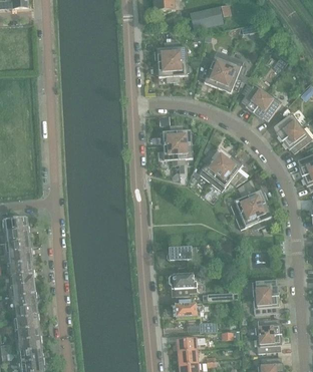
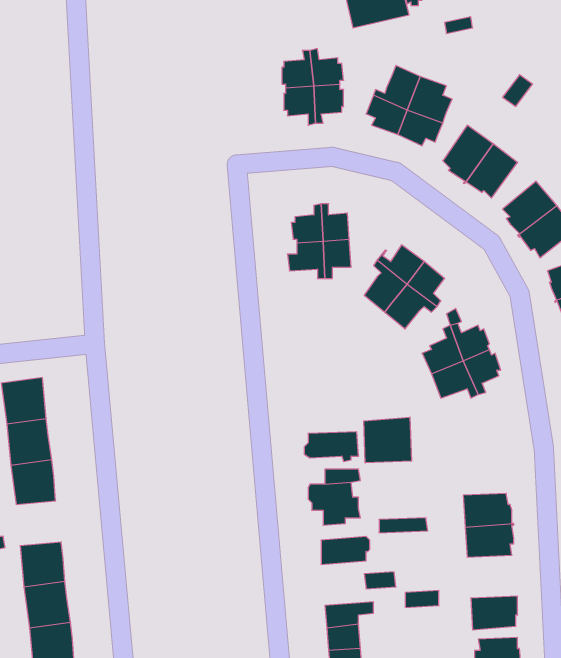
building: none -> [364,417,412,463]
building: [12,283,36,307] -> none
building: [255,317,281,335] -> none

